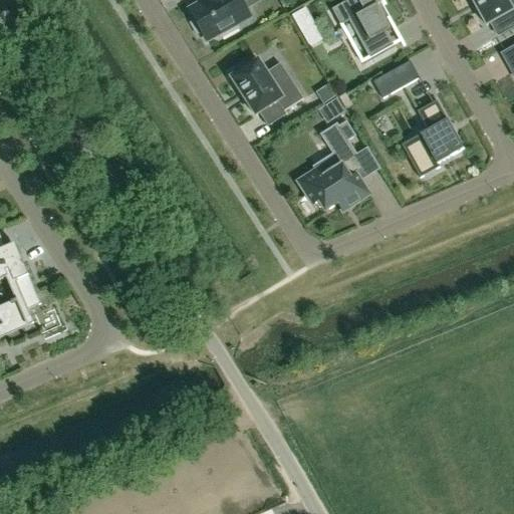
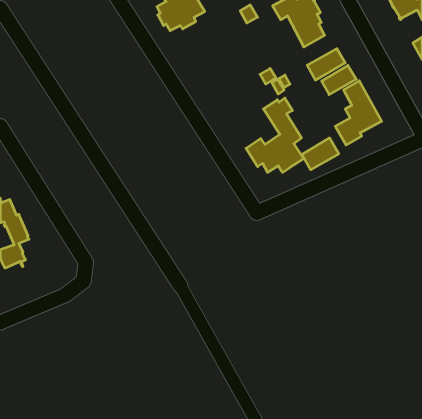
building: [231,58,303,113] -> none
building: none -> [322,65,356,95]
building: none -> [302,138,339,170]

